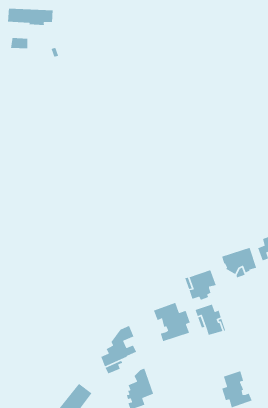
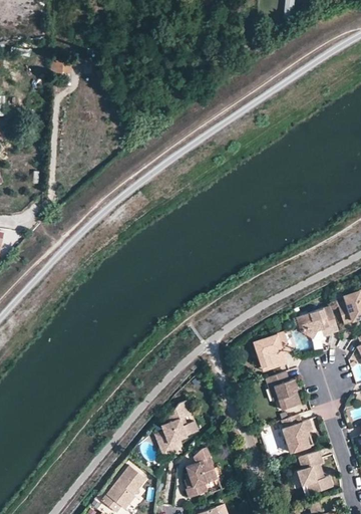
building: [7,8,54,26] -> none
building: [153,302,191,342] -> none
building: none -> [281,414,313,452]

